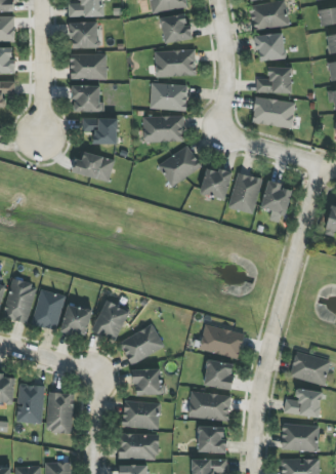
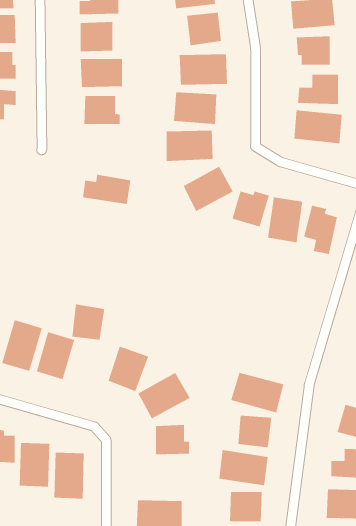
building: [83,117,118,145] -> none
building: [62,305,91,337] -> [72,304,105,341]
building: [123,401,160,428] -> none

